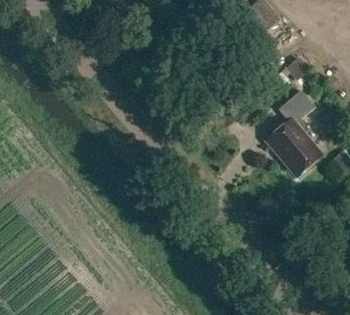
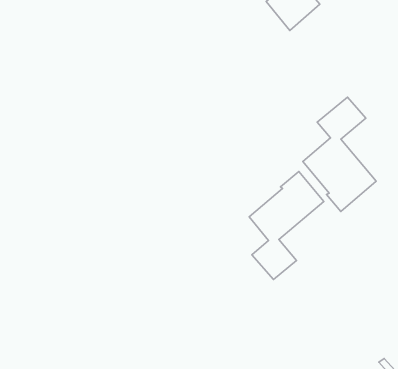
building: none -> [249,171,324,279]

